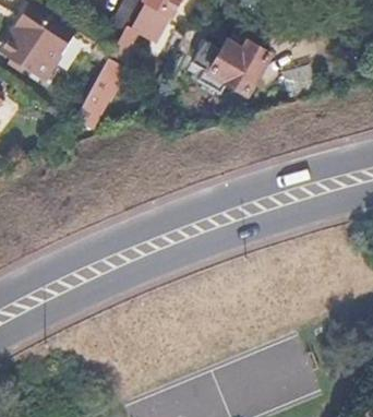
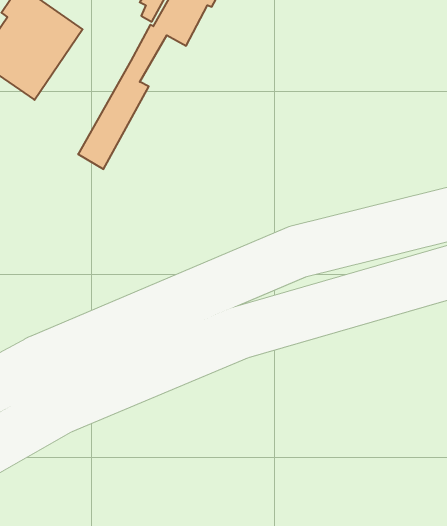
building: [180,35,264,93] -> none

